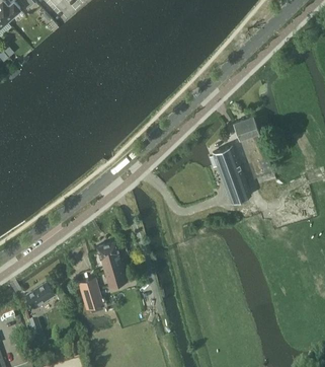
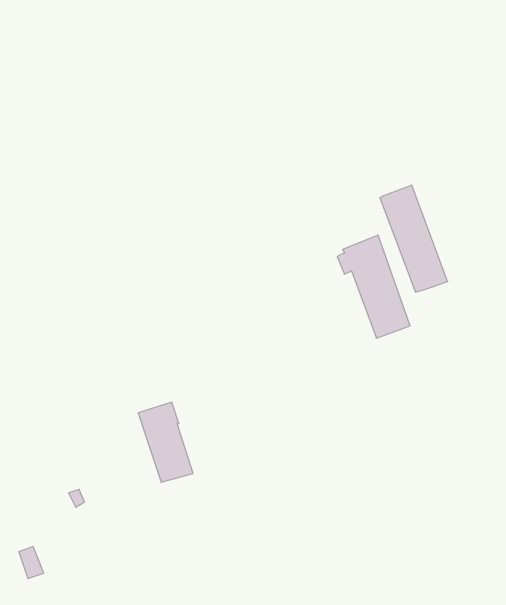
building: [80,278,104,309] -> none
building: [27,284,56,309] -> none

